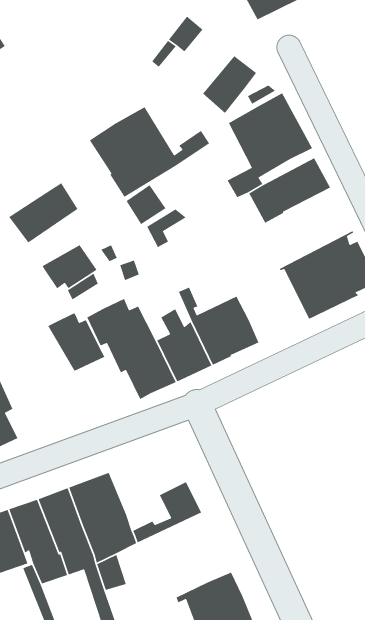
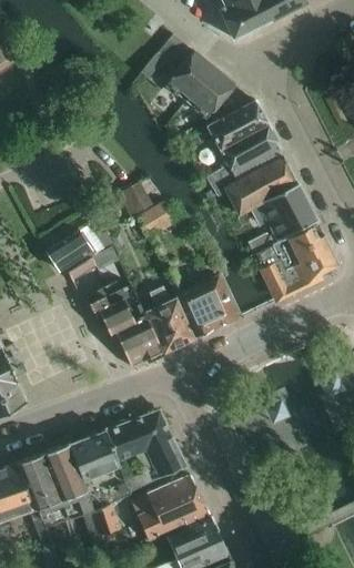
building: none -> [164,52,212,102]
building: [89,106,210,198] -> none
building: [8,182,79,244] -> none
building: none -> [246,184,315,254]
building: [47,312,105,372] -> none
building: none -> [103,410,171,476]
building: none -> [138,475,208,539]

